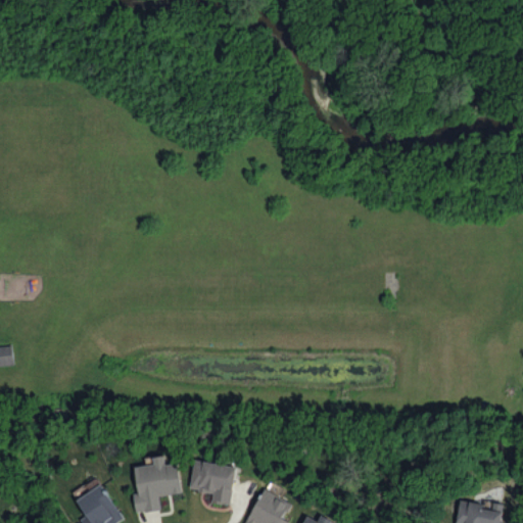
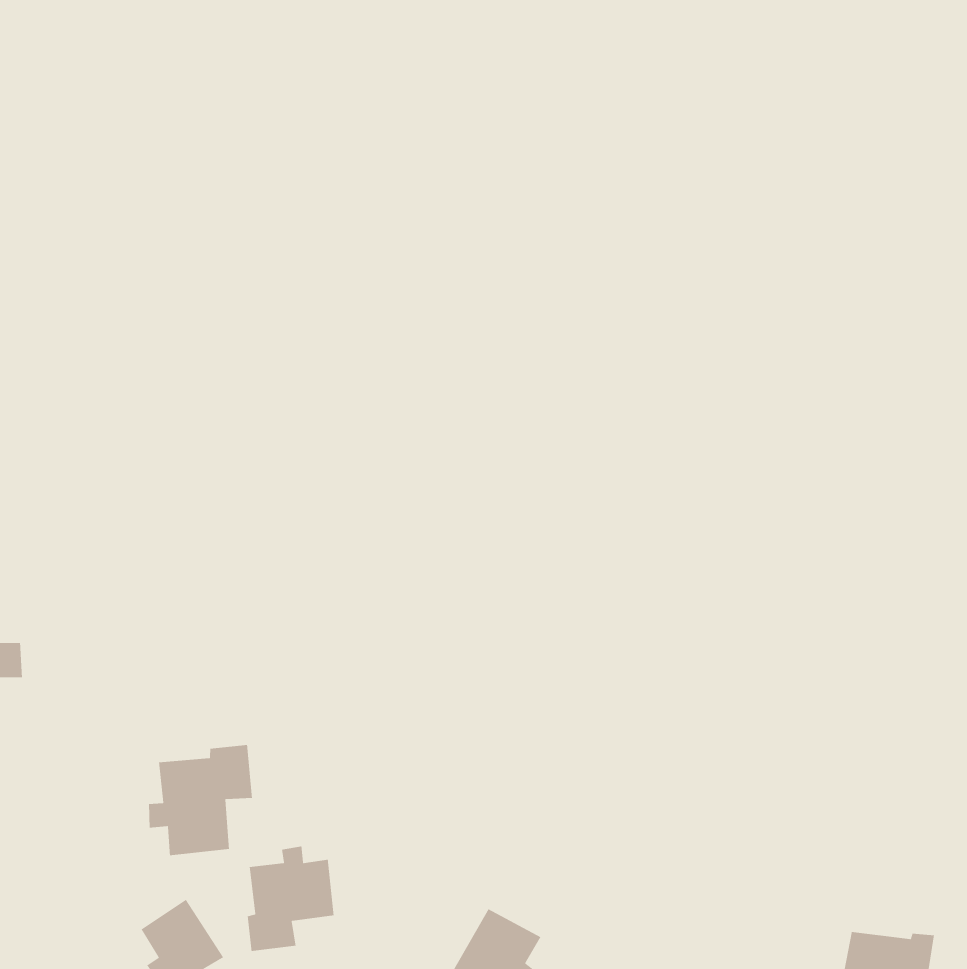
building: none -> [148,744,253,856]
building: [188,460,235,505] -> none

